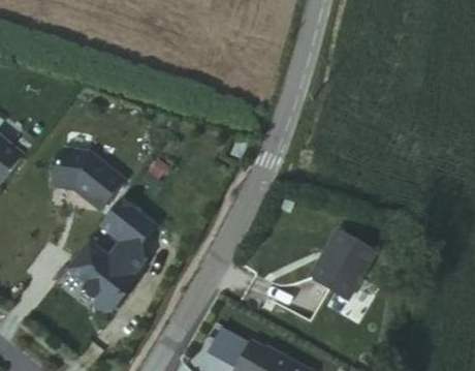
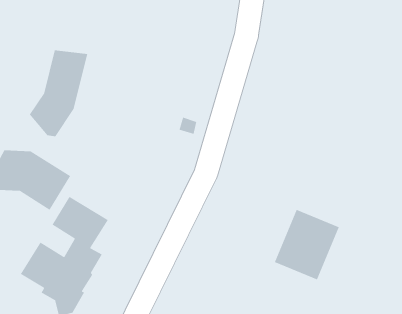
building: none -> [29,50,88,137]

